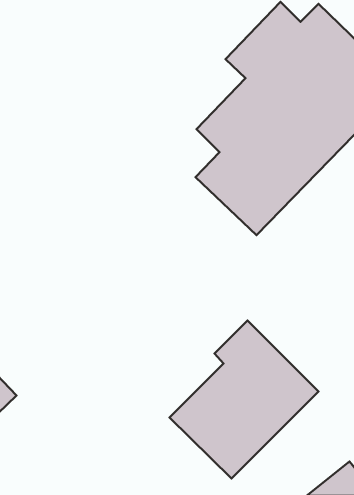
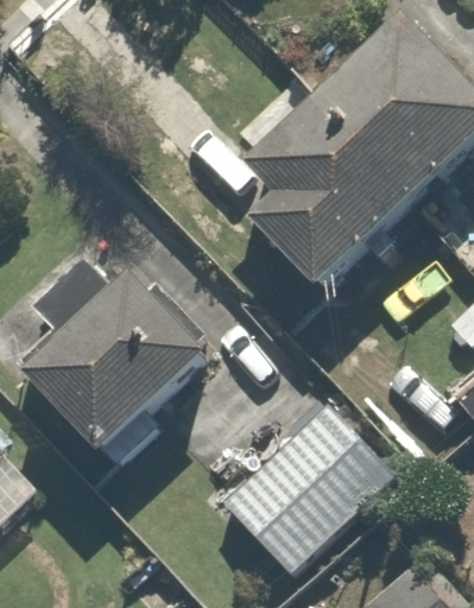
building: none -> [33,273,206,461]

